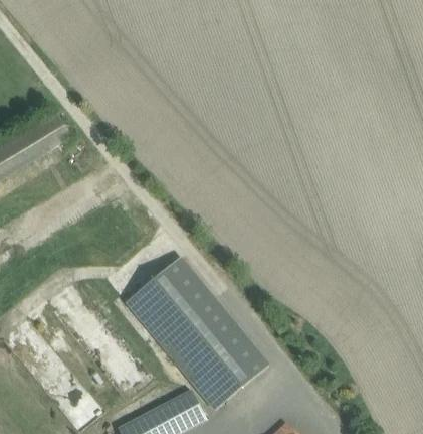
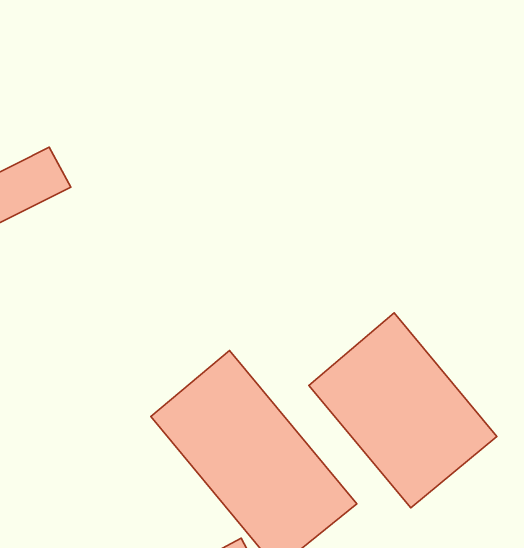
building: none -> [309,313,497,508]

